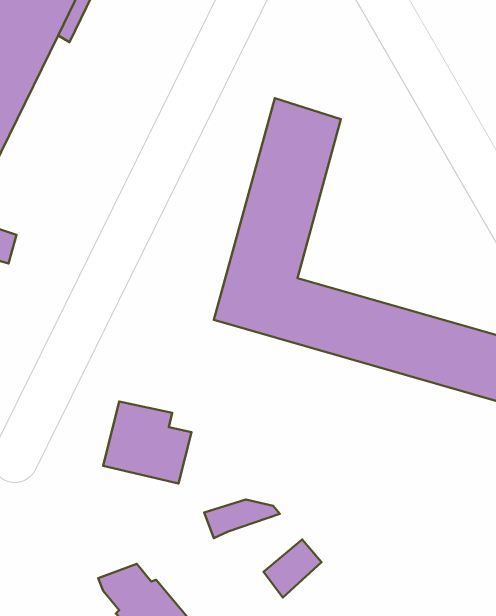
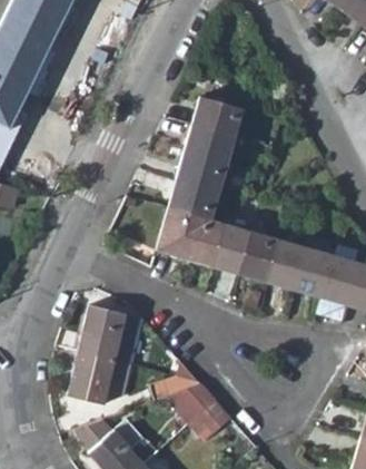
building: none -> [69,350,131,403]
building: none -> [166,383,217,423]

